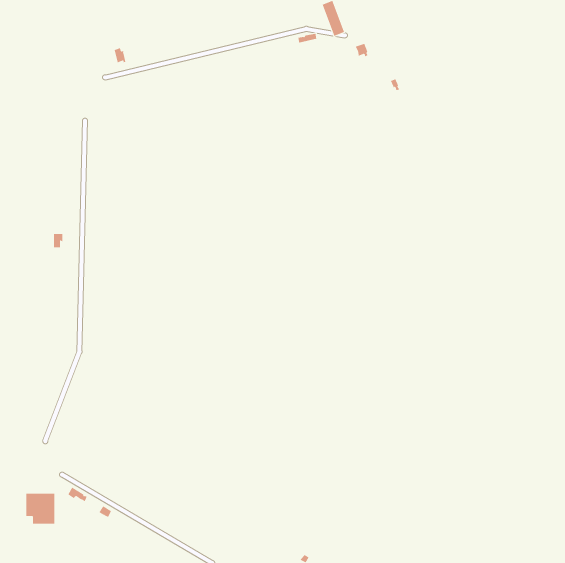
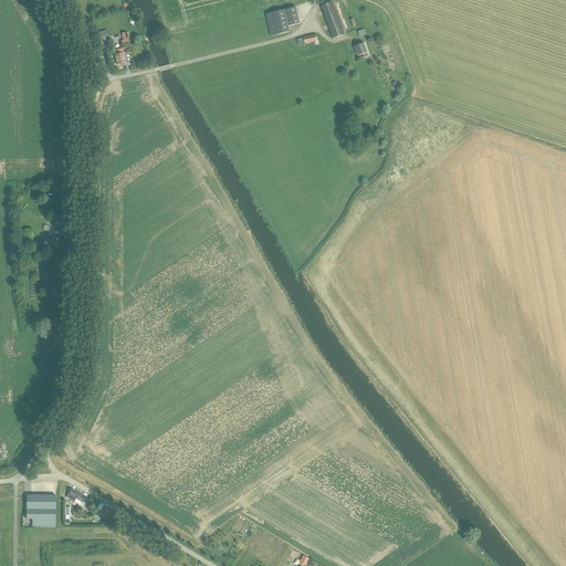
building: none -> [266,6,300,34]

